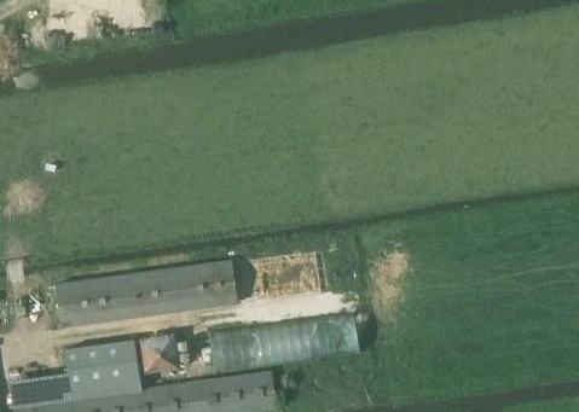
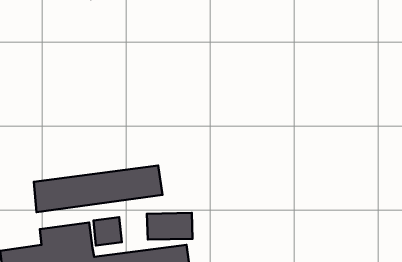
building: [277,317,360,356] -> none

